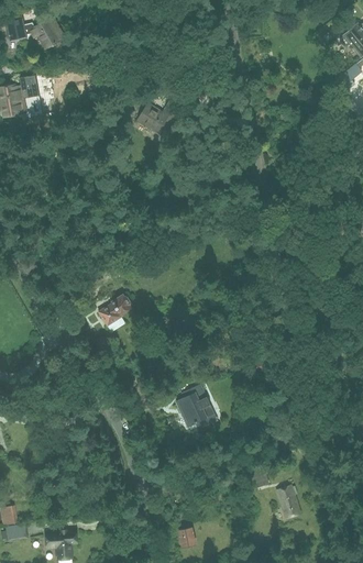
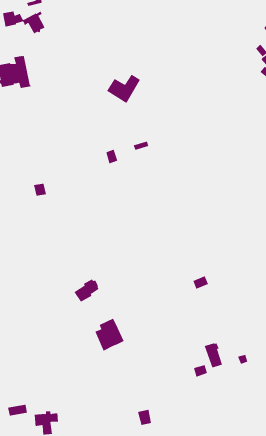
building: [98,295,131,325] -> [74,279,99,303]
building: [176,384,214,427] -> [94,318,125,351]
building: [276,485,300,518] -> [204,342,223,368]

